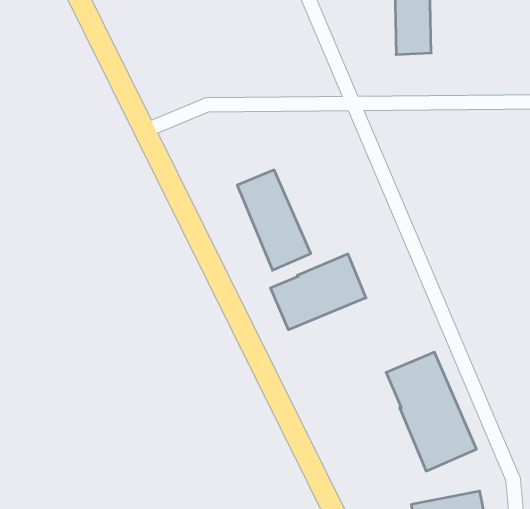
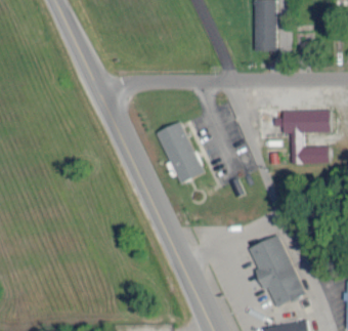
building: none -> [275,110,331,164]
building: [270,254,366,330] -> none

